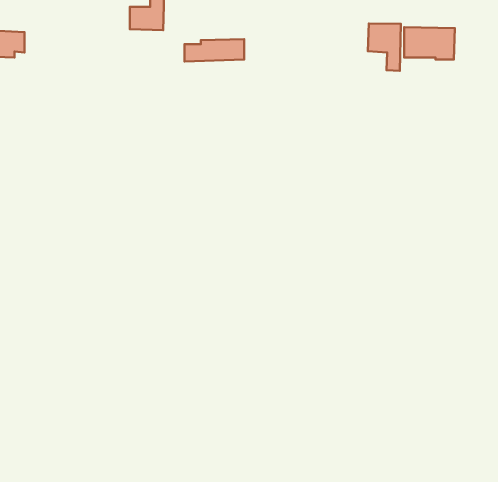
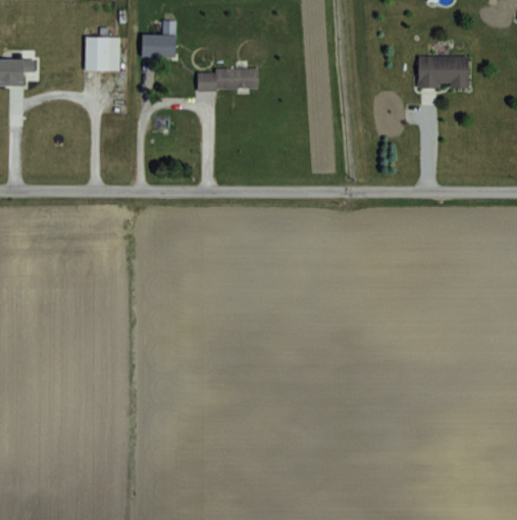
building: none -> [85,37,119,70]
building: [368,23,401,71] -> none

